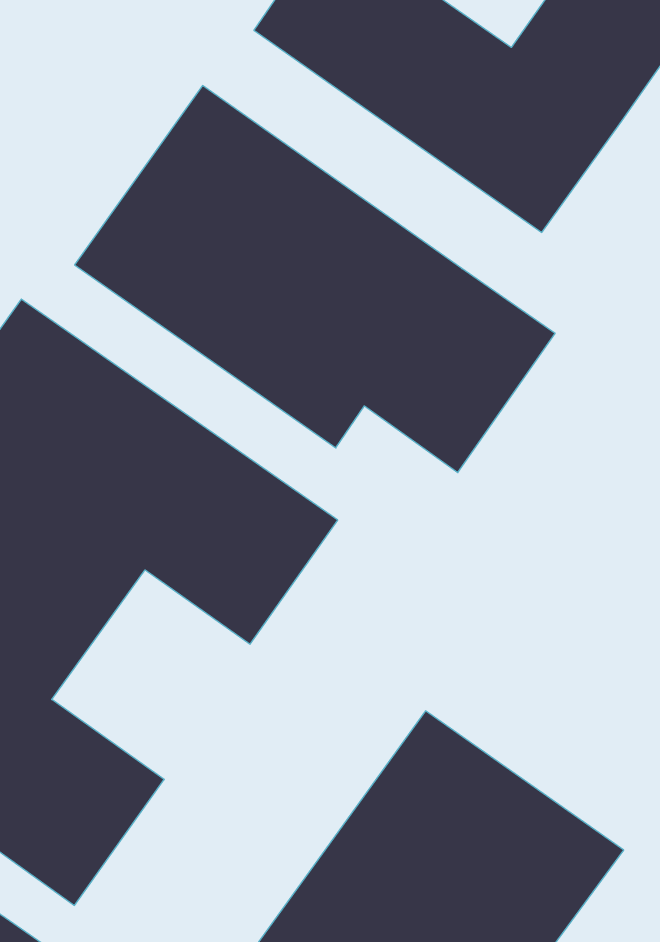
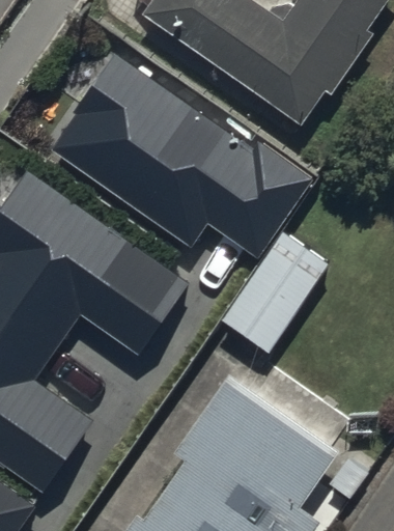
building: none -> [221,233,335,359]

